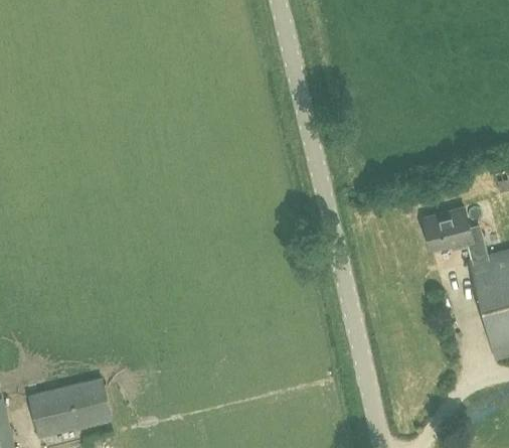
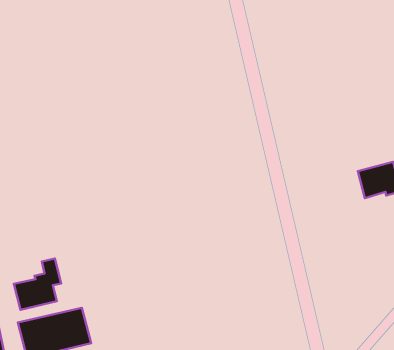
building: none -> [14,258,61,310]

